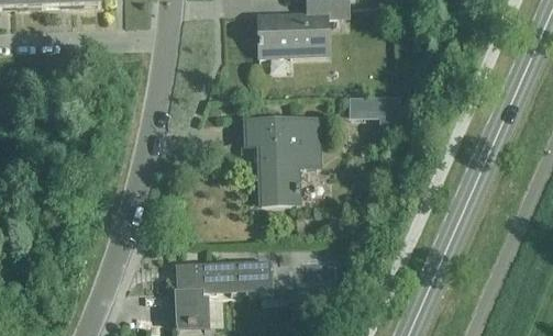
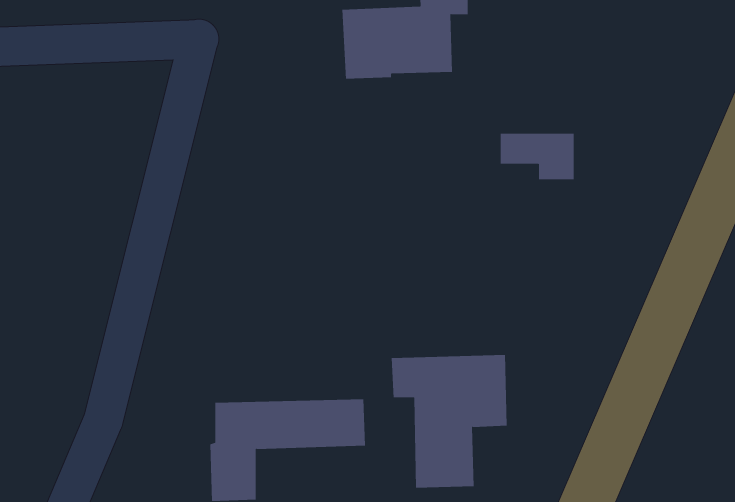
building: [246,119,320,203] -> [391,354,507,488]

